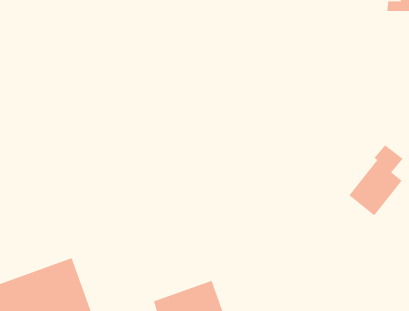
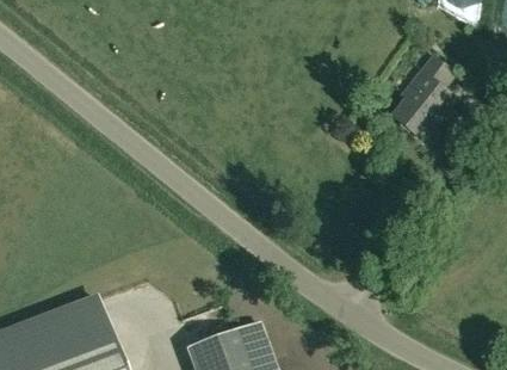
building: [349,144,404,216] -> [389,58,452,141]

